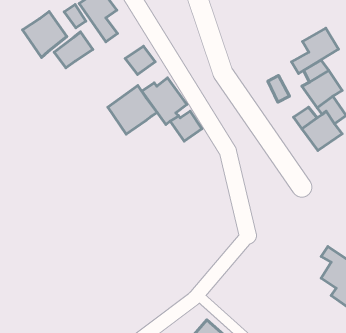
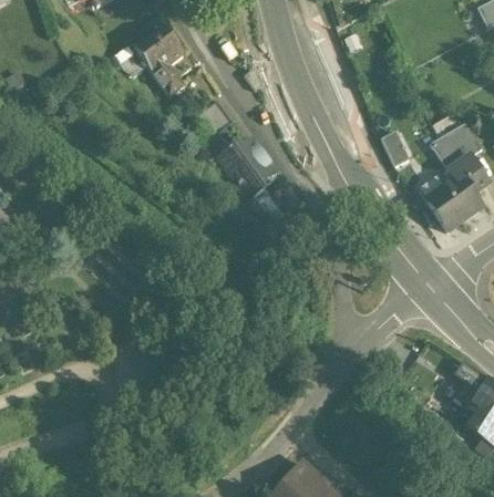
building: [22,12,67,58] -> none
building: [292,28,339,74] -> none
building: [54,32,93,68] -> none
building: [108,85,157,134] -> none

